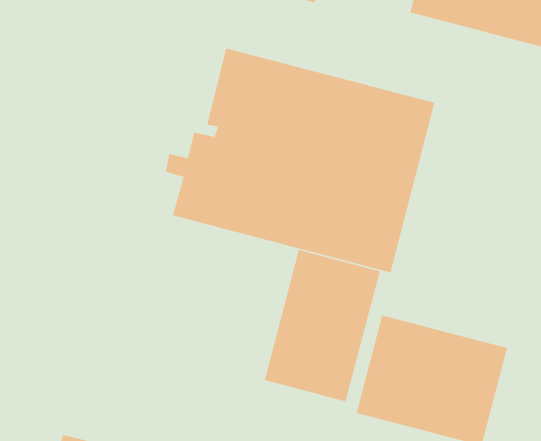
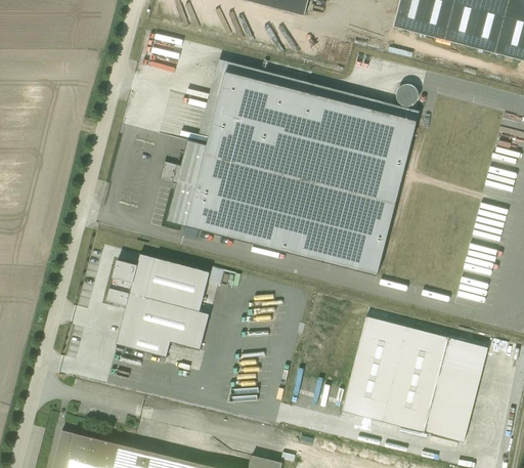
building: [264,249,381,402] -> none
building: none -> [106,254,211,358]

